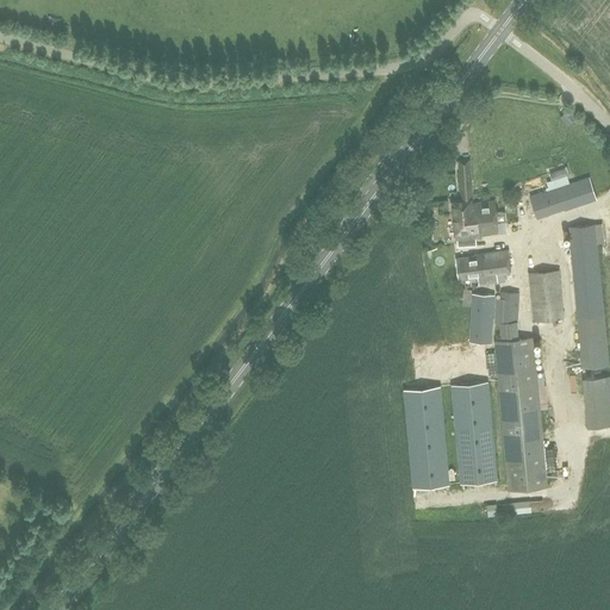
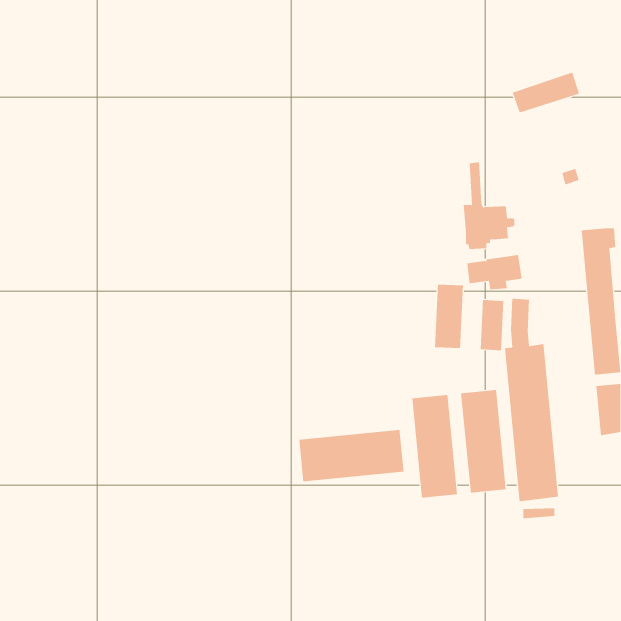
building: [529,178,596,218] -> [512,72,580,113]
building: [529,272,562,322] -> none
building: none -> [434,284,464,349]
building: none -> [299,429,404,482]

